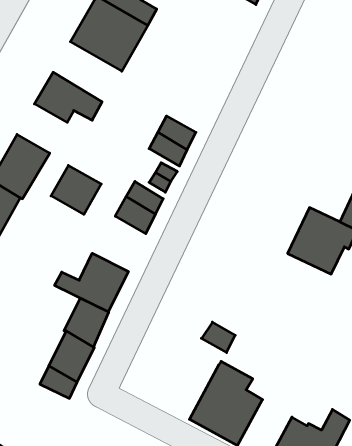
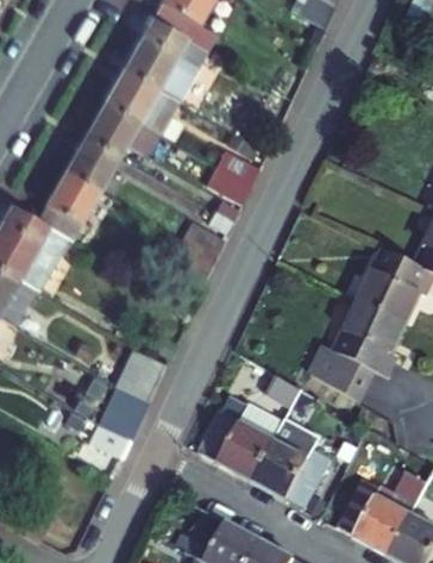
building: none -> [103,69,178,135]
building: [51,165,101,214] -> [64,137,119,190]
building: [55,253,128,312] -> none
building: none -> [312,300,407,401]
building: none -> [200,404,284,481]

